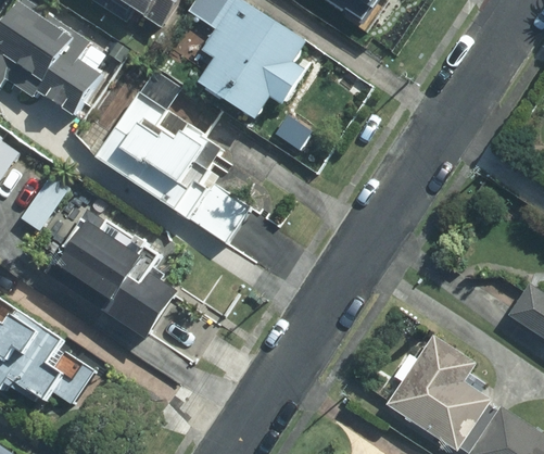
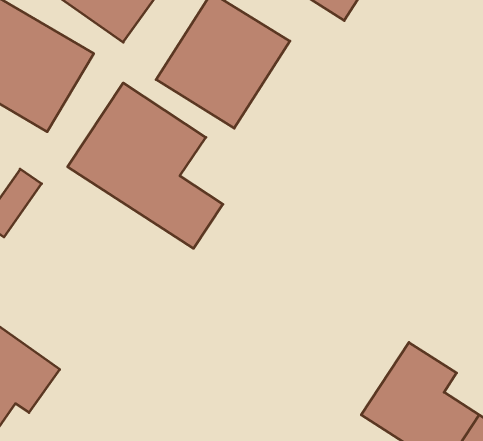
building: [43,216,186,343] -> none

